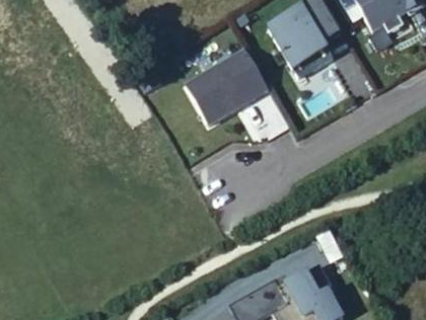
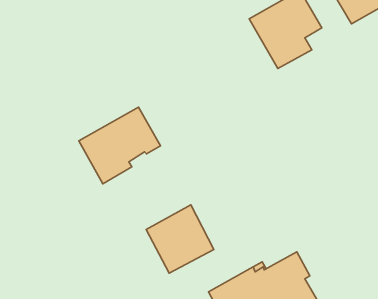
building: [185,50,268,128] -> [79,107,161,184]
building: none -> [146,205,214,273]

